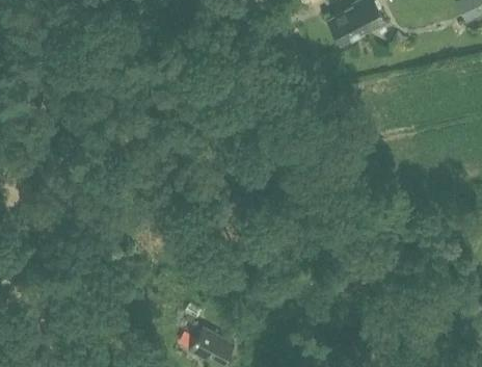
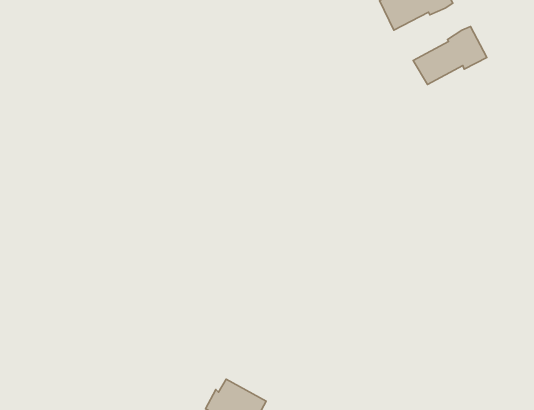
building: none -> [413,27,487,85]

